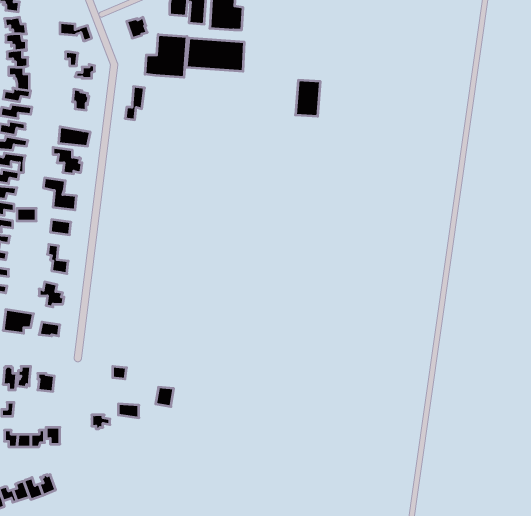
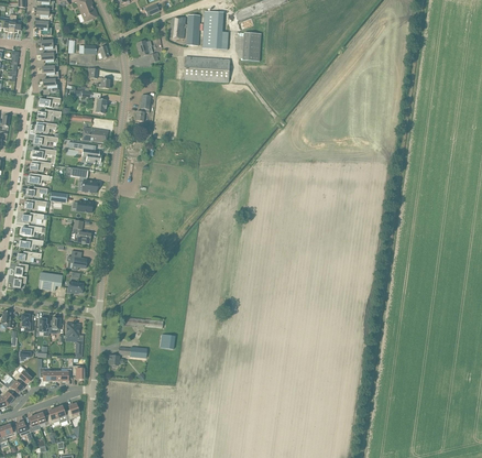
building: [145,34,187,77] -> none
building: [295,80,320,116] -> [241,31,261,59]

